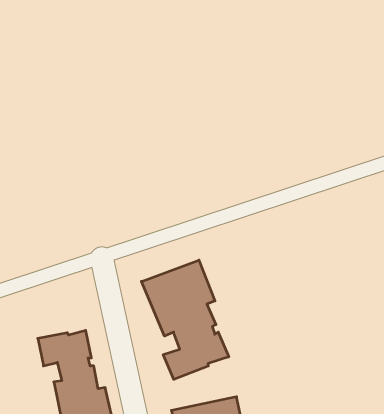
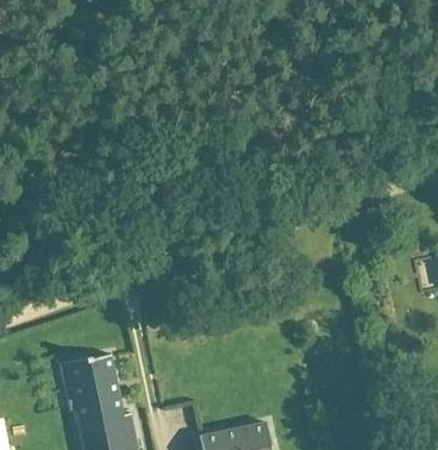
building: [141,260,229,379] -> none

